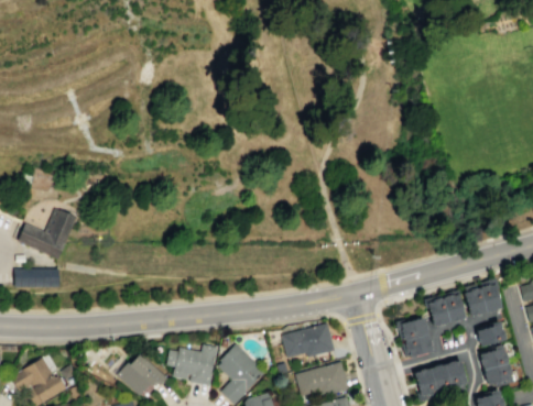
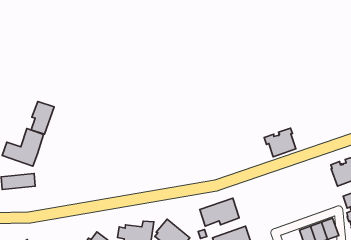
building: none -> [31,102,54,134]
building: [424,289,466,327] -> [264,128,296,157]
building: [395,317,434,359] -> none

